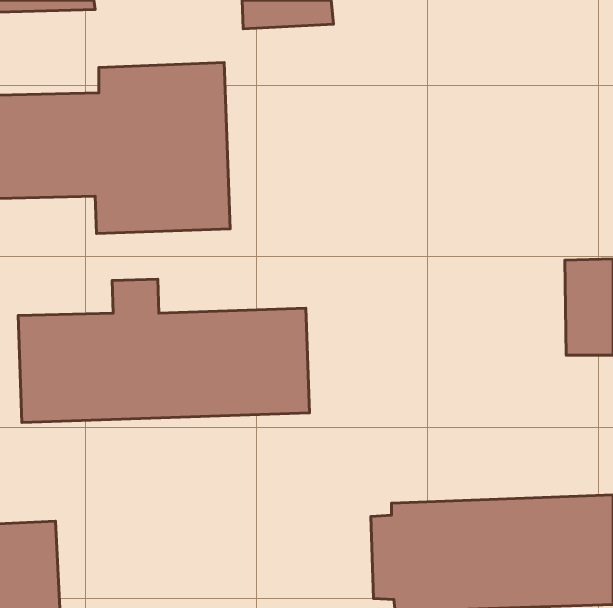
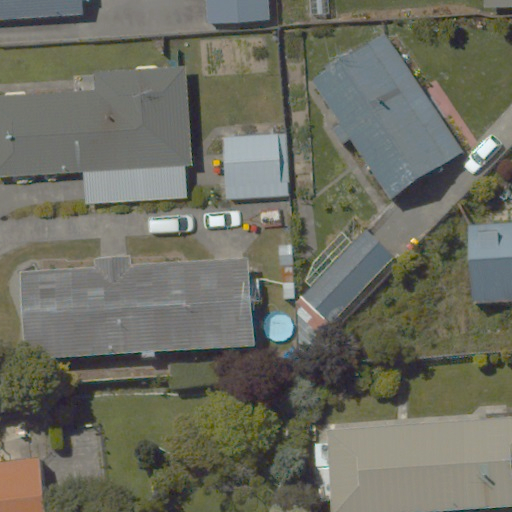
building: none -> [311,35,464,200]
building: none -> [215,128,291,199]

